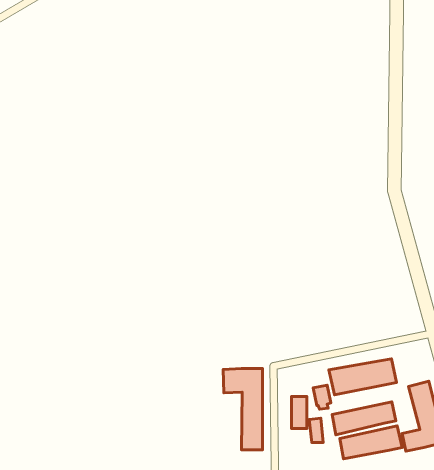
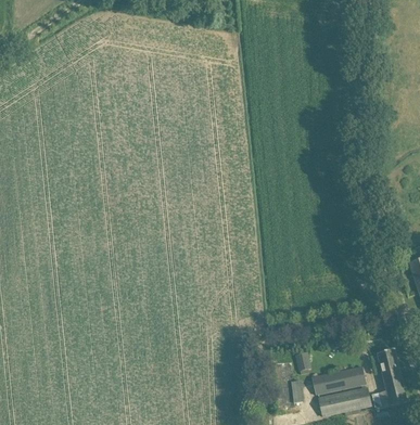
building: [329,359,397,395] -> none
building: [223,369,263,450] -> none

